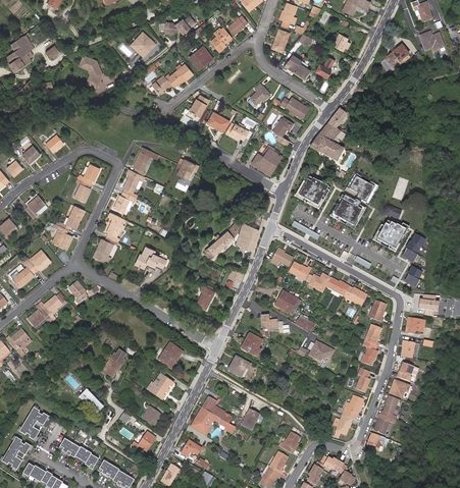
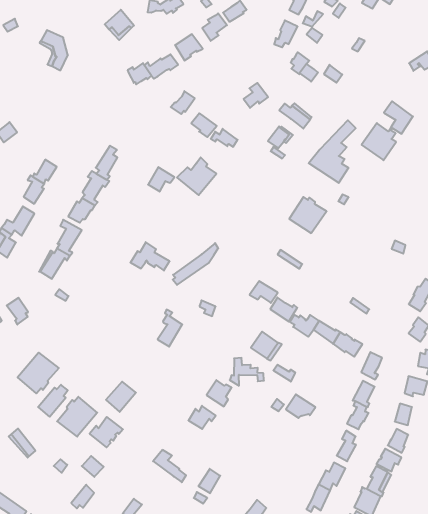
building: [251,144,284,175] -> [177,157,216,195]
building: [334,175,374,225] -> [362,101,413,160]
building: [376,219,407,249] -> none
building: [236,222,259,252] -> none
building: [136,246,168,268] -> [130,242,170,271]
building: none -> [18,353,59,393]
building: none -> [57,397,97,437]
building: [191,406,236,434] -> none

